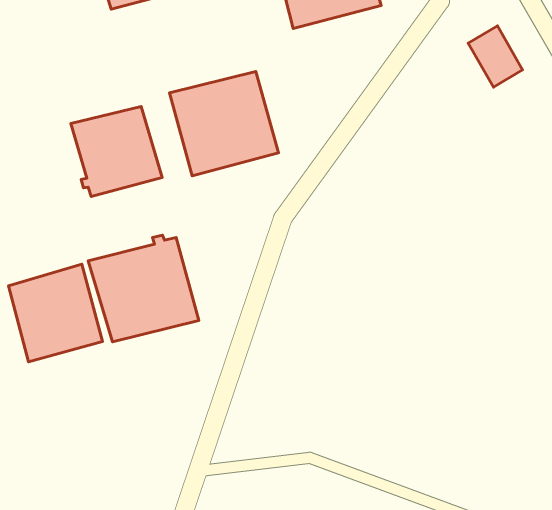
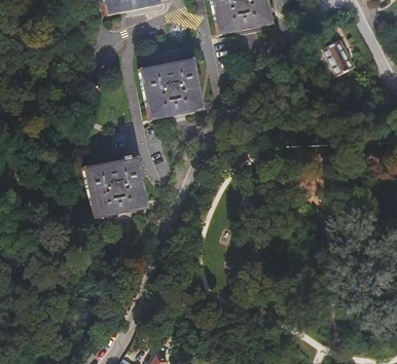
building: [71,107,162,196] -> none
building: [9,264,102,362] -> none

